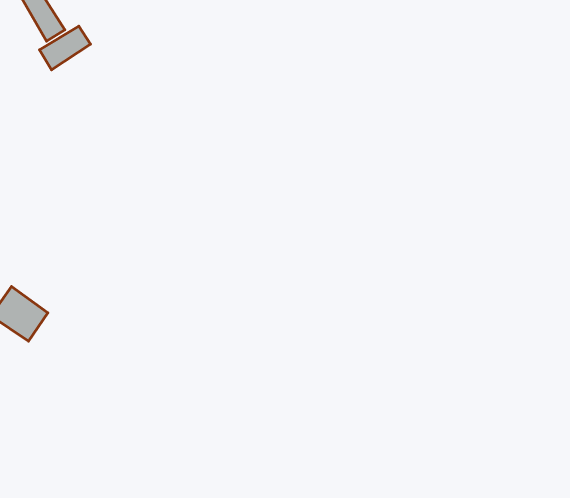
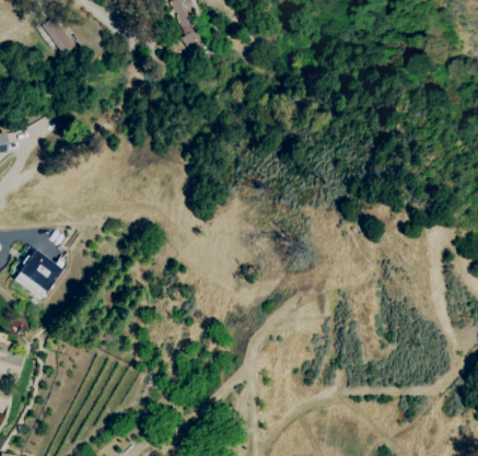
building: [39,26,90,70] -> none

